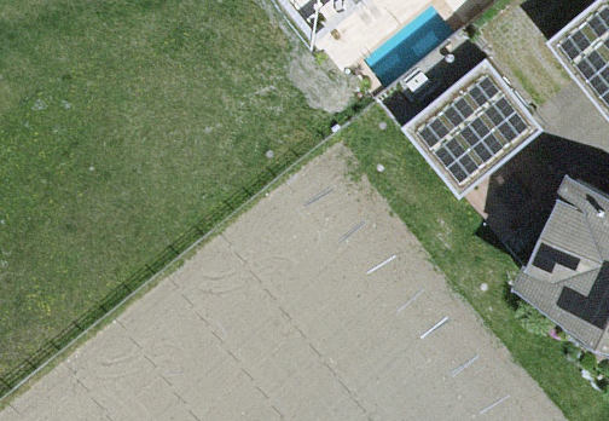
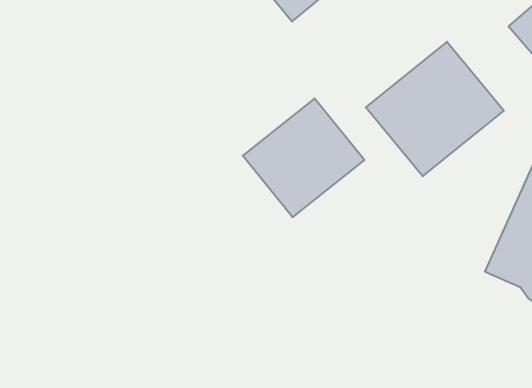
building: none -> [243,98,364,217]

